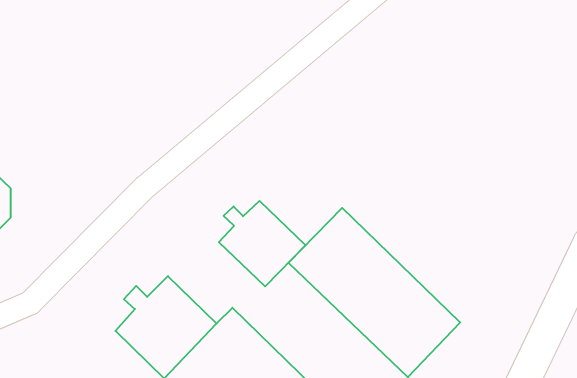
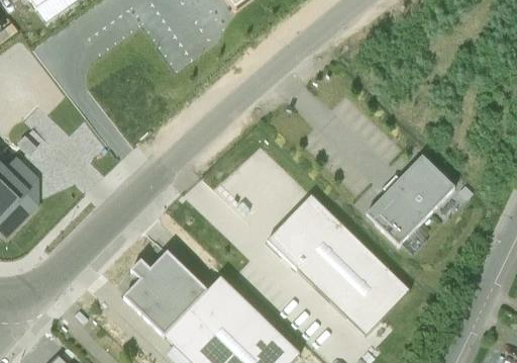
building: none -> [366,156,454,245]
building: [219,201,306,286] -> none

